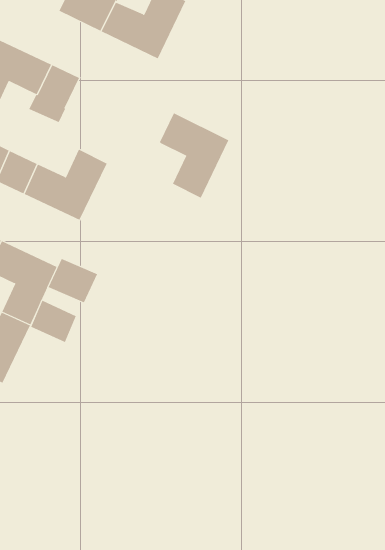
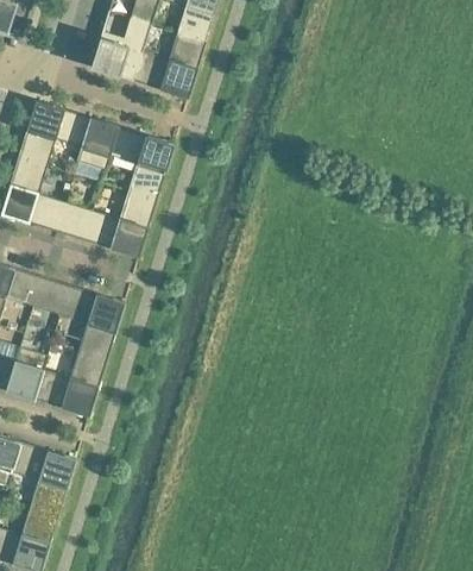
building: [159,113,229,199] -> [108,126,172,201]
building: [48,258,98,303] -> none
building: [31,300,77,343] -> none

